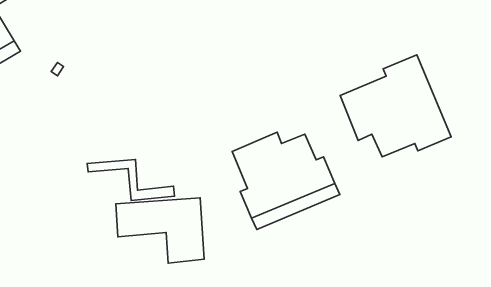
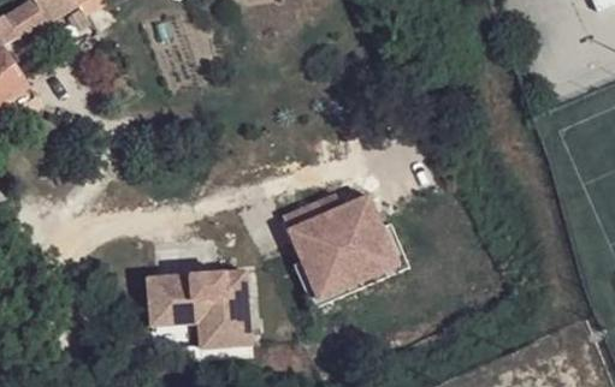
building: [340,55,451,157] -> none
building: [87,159,174,200] -> [146,310,248,358]

